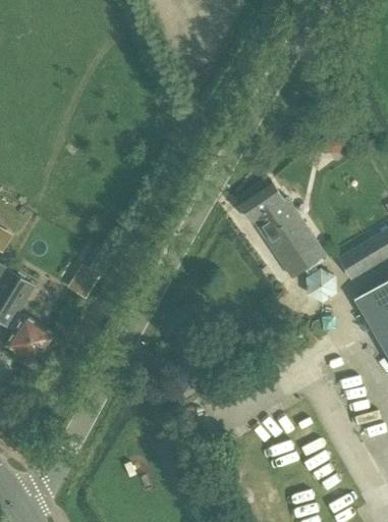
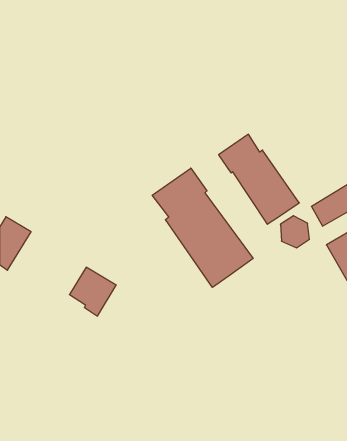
building: none -> [152,168,253,287]
building: [6,316,57,369] -> [69,267,116,316]

